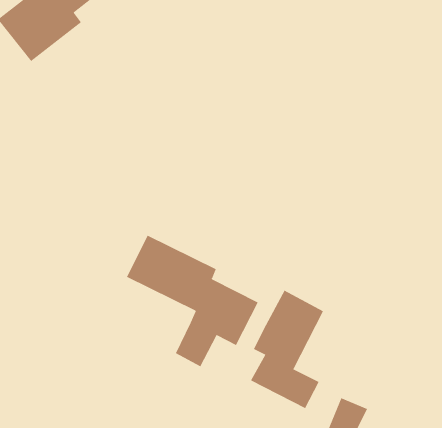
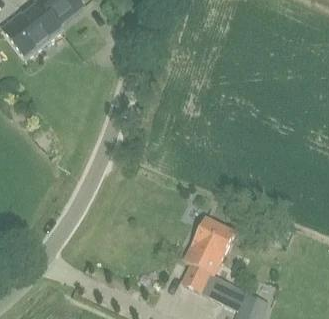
building: [126,235,259,367] -> none

